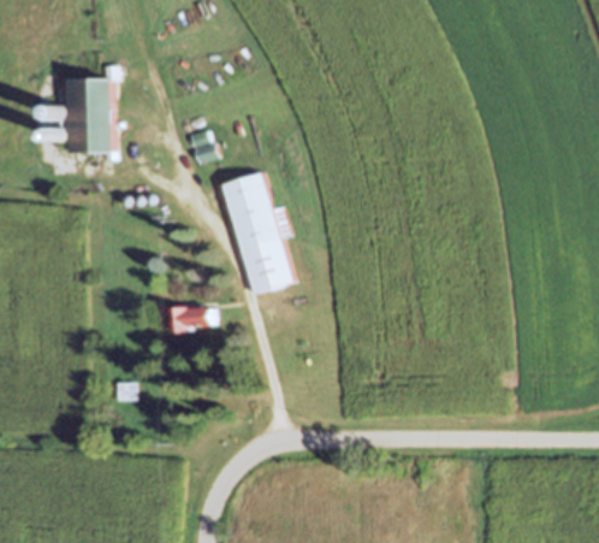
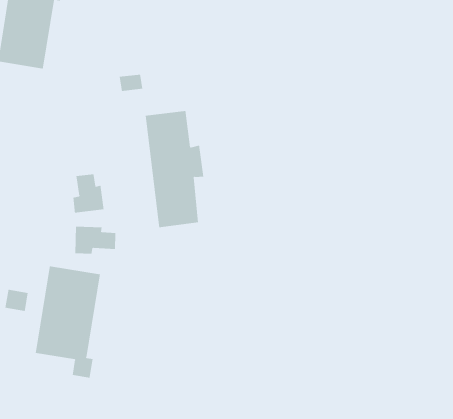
building: none -> [73,173,104,213]
building: none -> [35,265,100,378]

